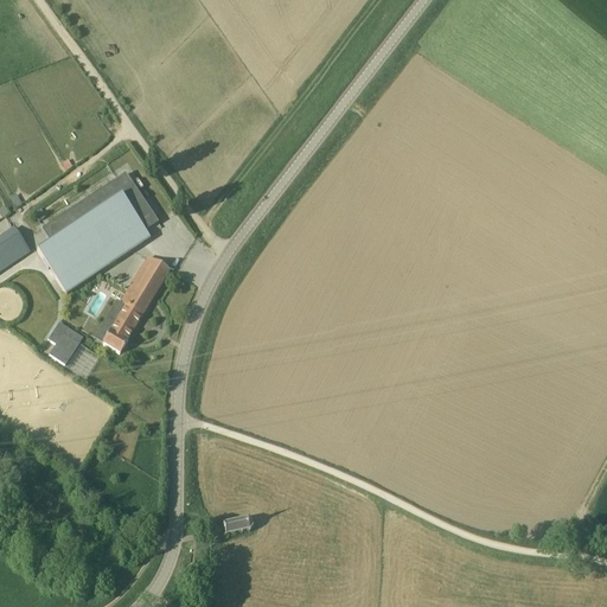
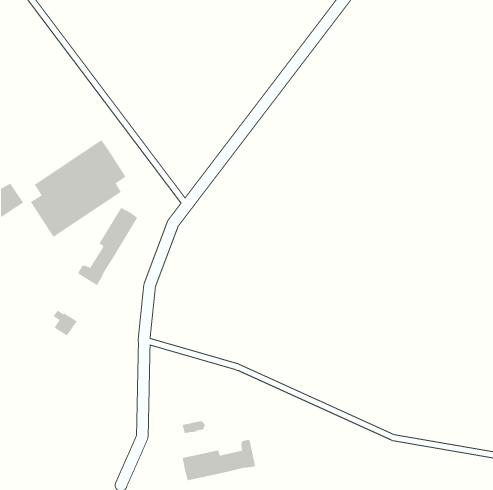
building: [49,328,79,362] -> [53,310,78,337]
building: none -> [182,439,256,481]

